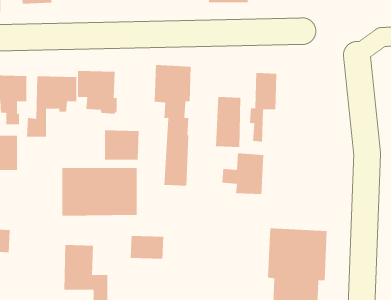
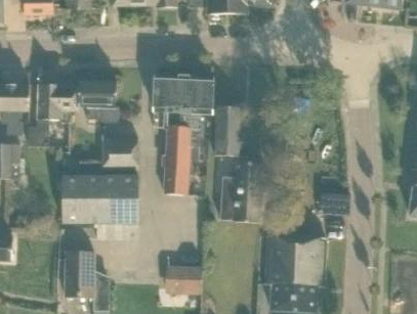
building: [249,73,277,142] -> [184,76,212,144]
building: none -> [219,190,260,222]
building: [130,235,164,259] -> [168,268,202,291]

